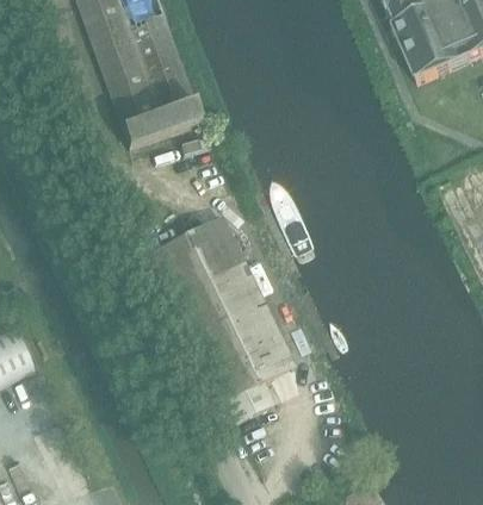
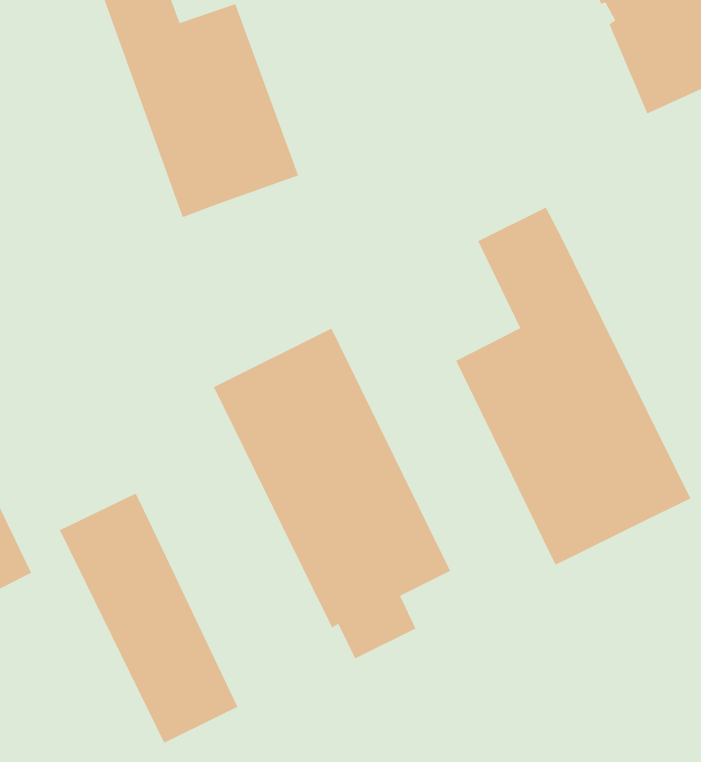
building: none -> [455,206,691,566]
building: none -> [59,493,239,744]

